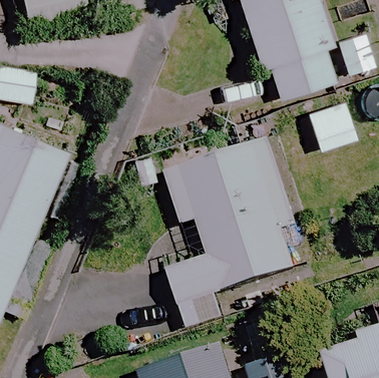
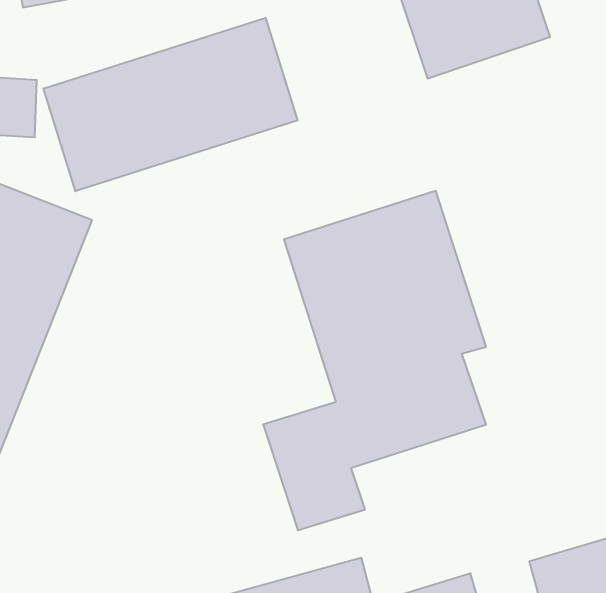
building: none -> [43,18,298,191]

